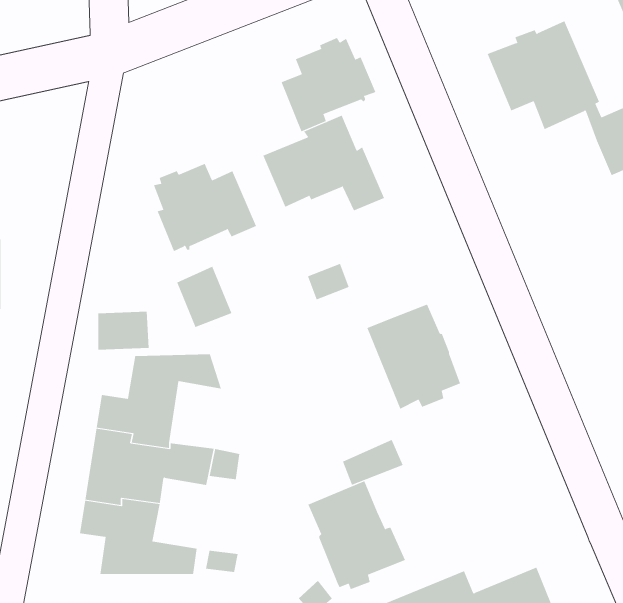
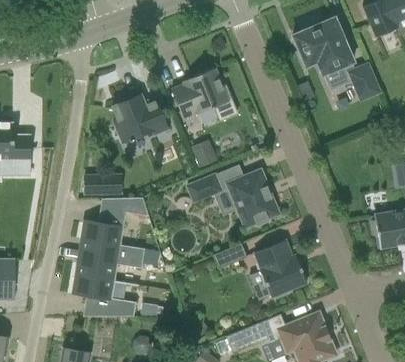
building: [281,37,376,132] -> none
building: [176,266,232,328] -> none
building: none -> [185,173,223,203]
building: [307,480,406,590] -> [254,239,307,298]

